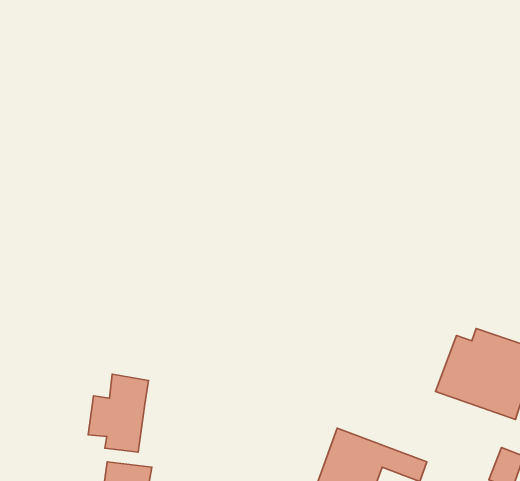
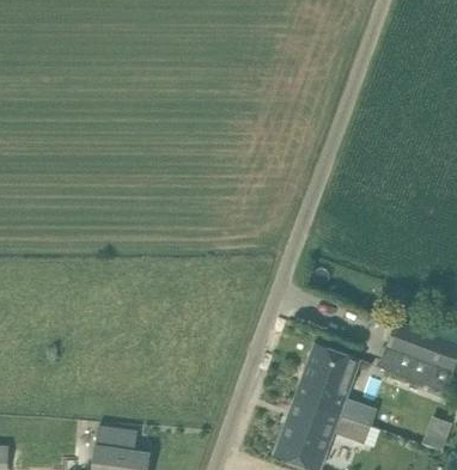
building: none -> [294,342,377,427]
building: [88,374,149,452] -> none

